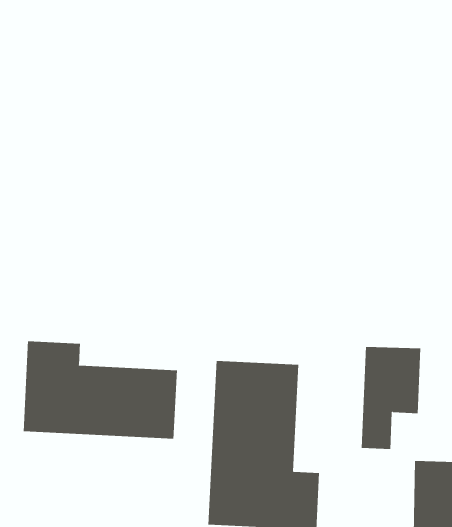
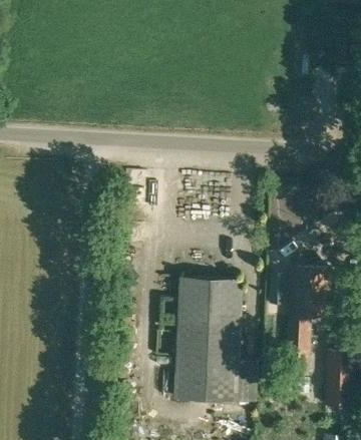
building: [23,340,177,439] -> none

